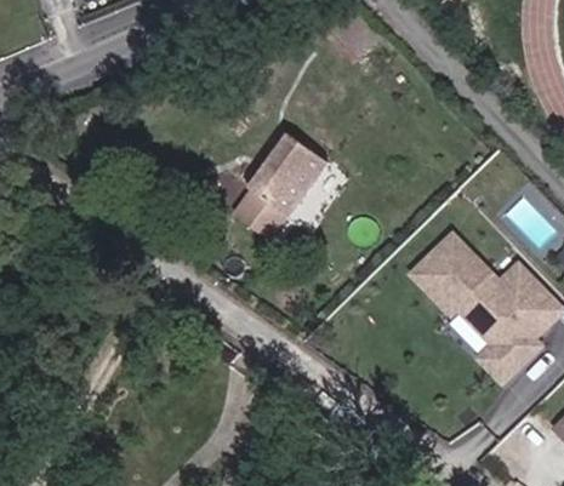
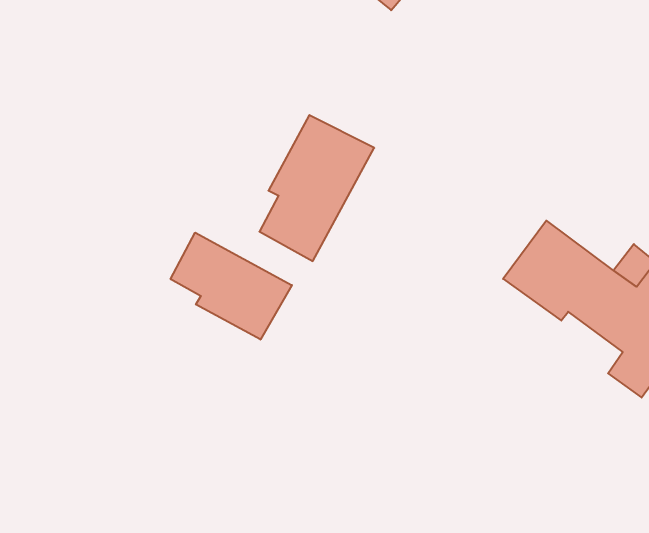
building: none -> [171,233,292,340]

